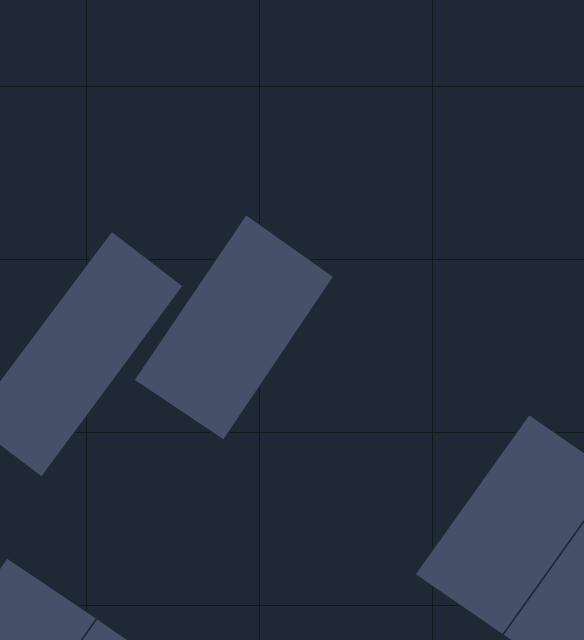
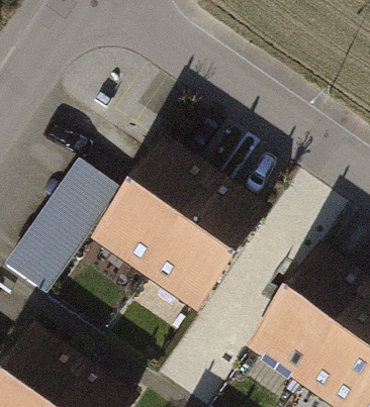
building: none -> [144,180,254,304]

